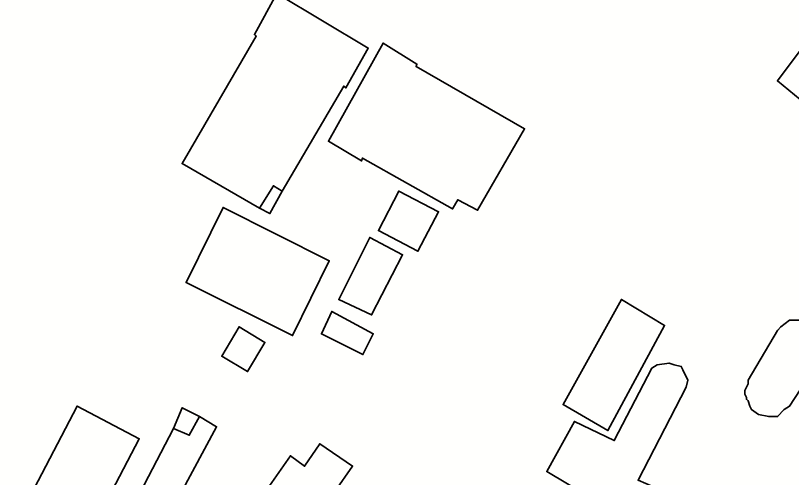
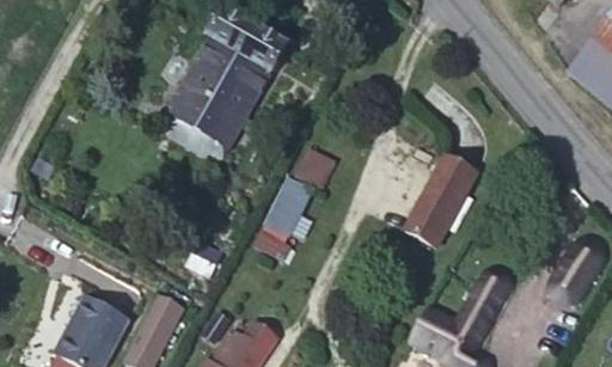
building: [329,43,524,210] -> none
building: [186,208,329,336] -> none
building: [563,300,665,430] -> [405,157,476,247]

